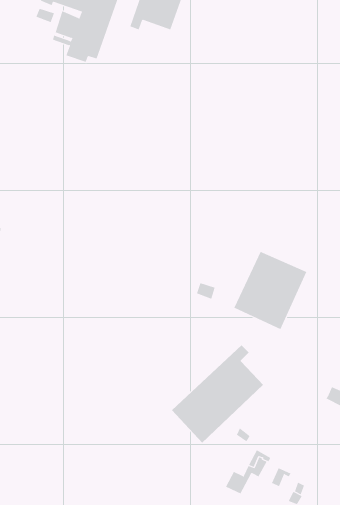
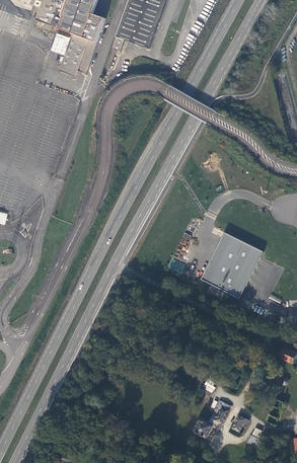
building: [171,344,264,443] -> none

